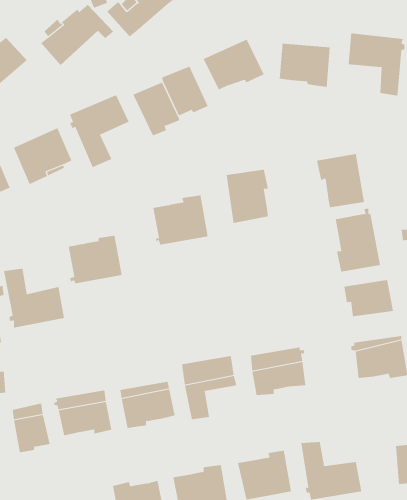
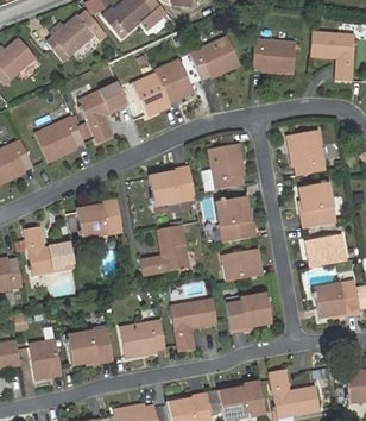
building: none -> [217,195,259,241]
building: none -> [138,225,188,276]
building: none -> [223,250,264,281]

